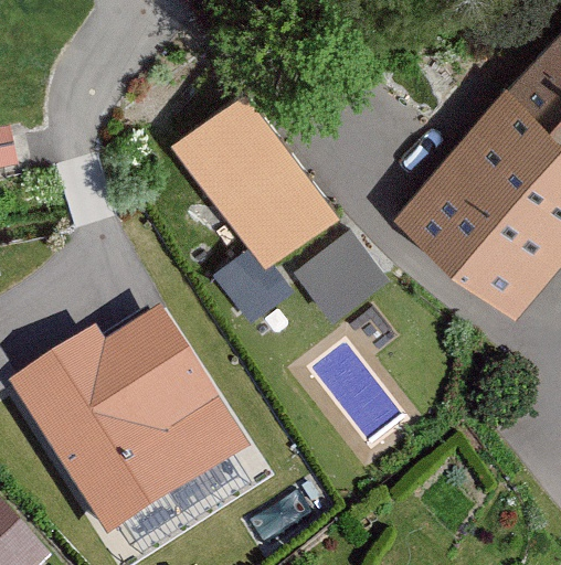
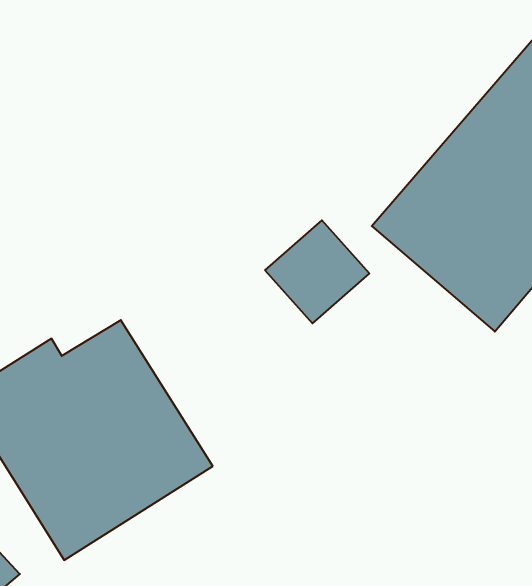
building: [165,96,334,277] -> none

